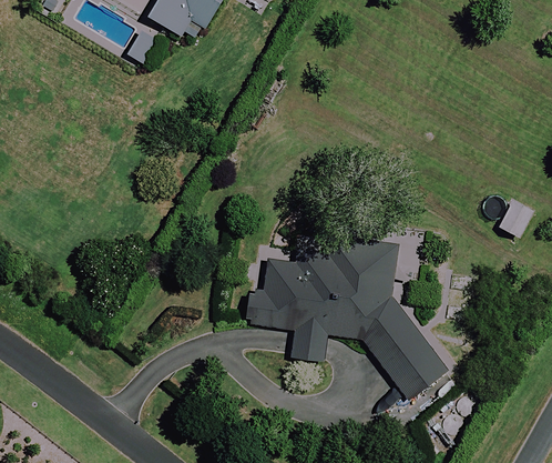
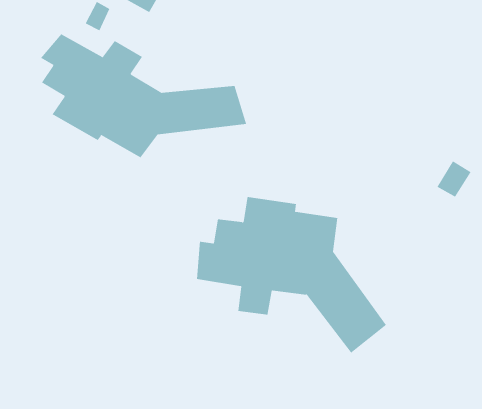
building: none -> [40,33,247,158]

